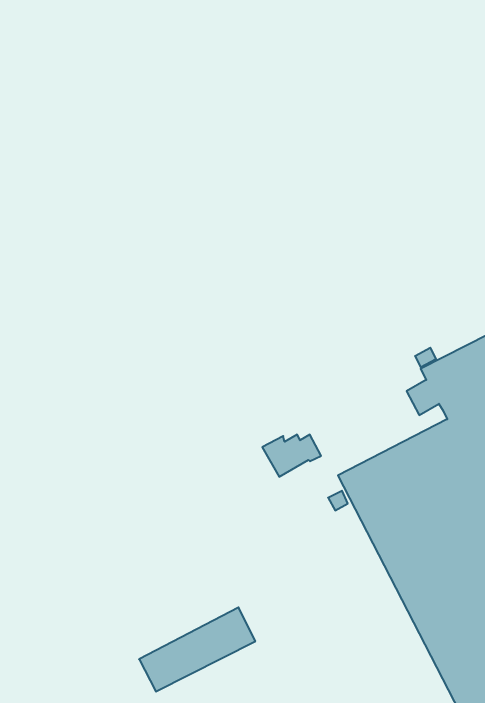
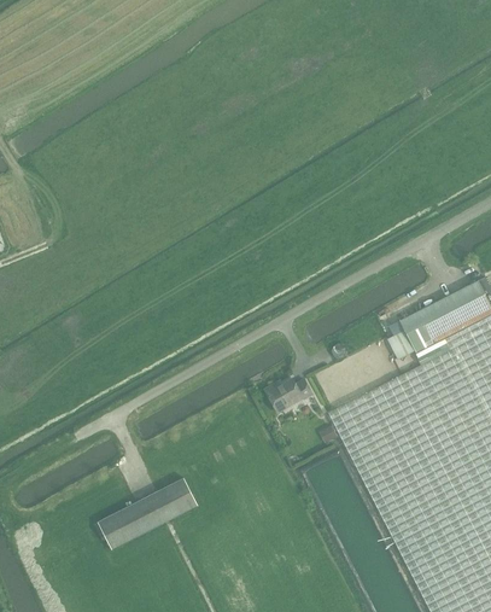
building: [139,607,255,692] -> [98,478,198,550]

